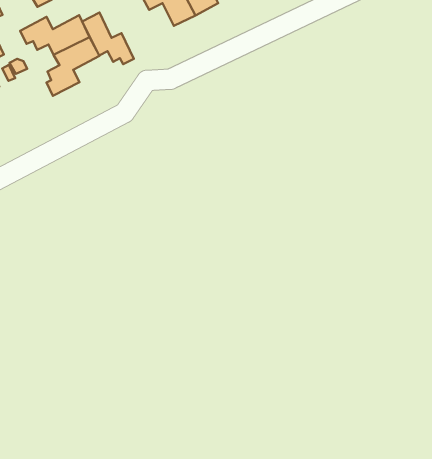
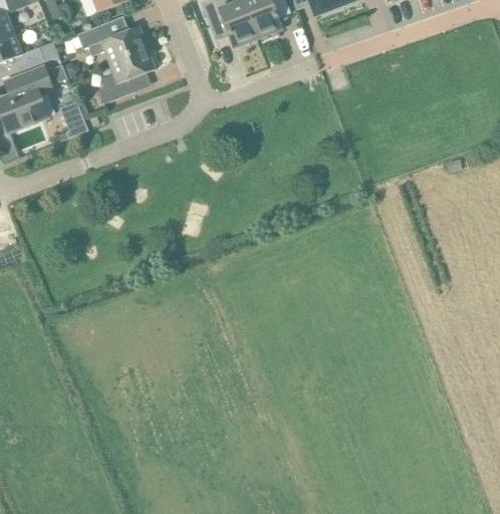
building: [82,12,134,64] -> none
building: none -> [61,102,87,138]

